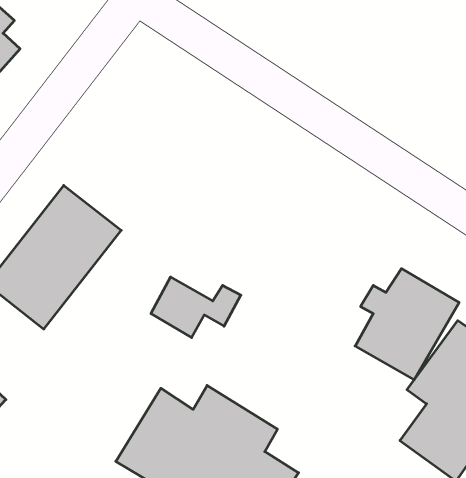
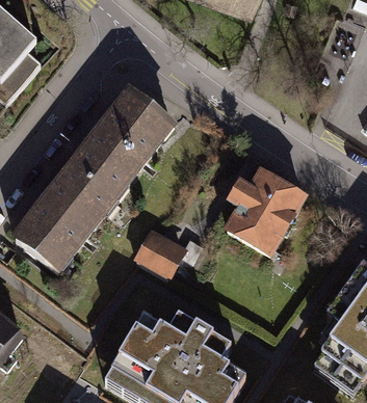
building: none -> [69,96,168,202]
building: [355,269,459,380] -> [222,176,299,258]

